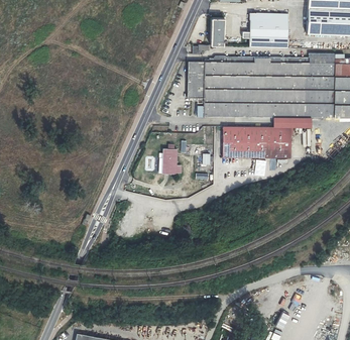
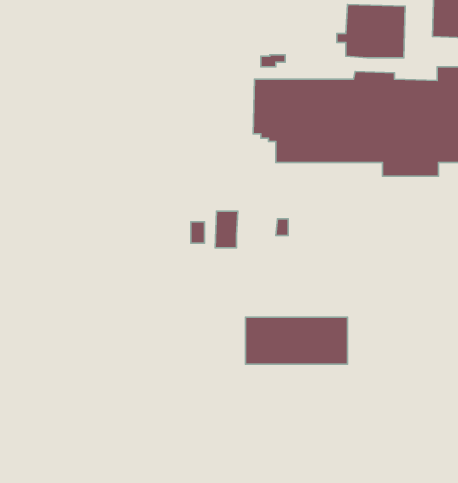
building: [211,18,227,45] -> none
building: [223,126,290,157] -> [246,317,348,364]

